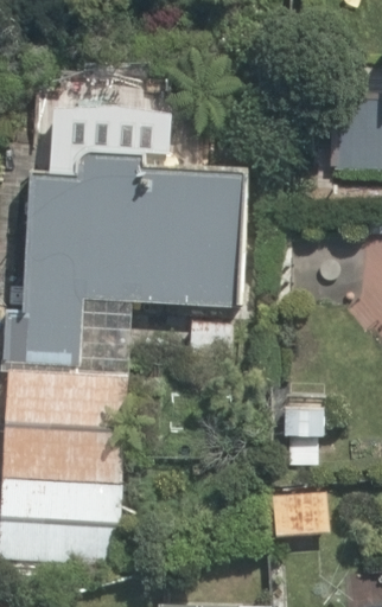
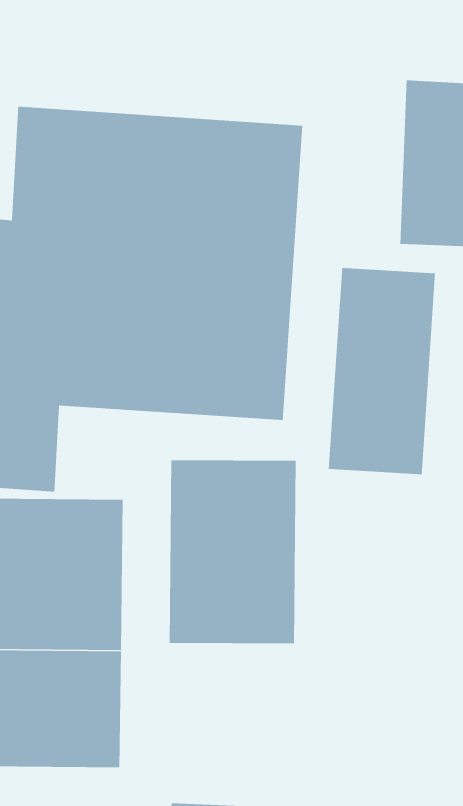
building: none -> [328,267,436,475]
building: none -> [169,459,297,644]

